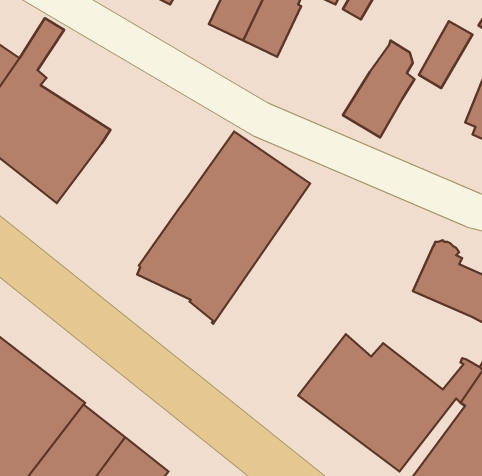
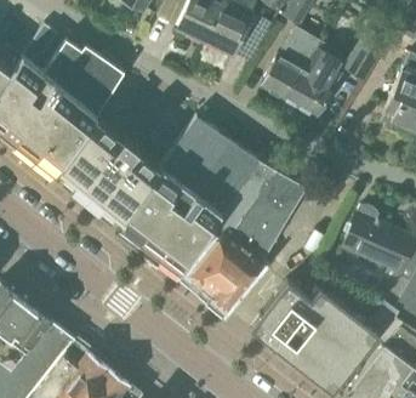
building: none -> [258,27,323,103]
building: none -> [38,40,121,115]
building: none -> [51,120,156,226]
building: none -> [178,159,306,309]

